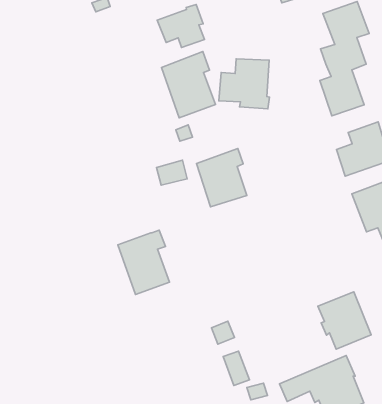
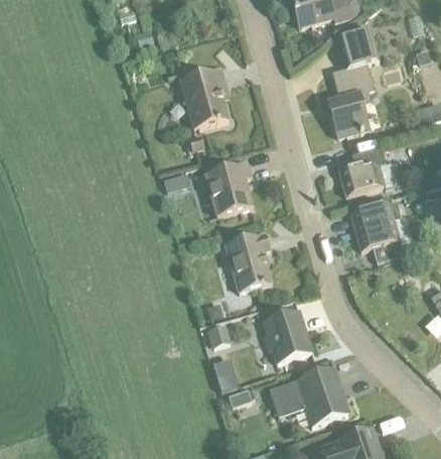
building: [157,4,205,48] -> none
building: [219,59,270,109] -> none
building: [118,230,169,294] -> [225,232,271,292]
building: [318,292,371,349] -> [262,309,310,362]

